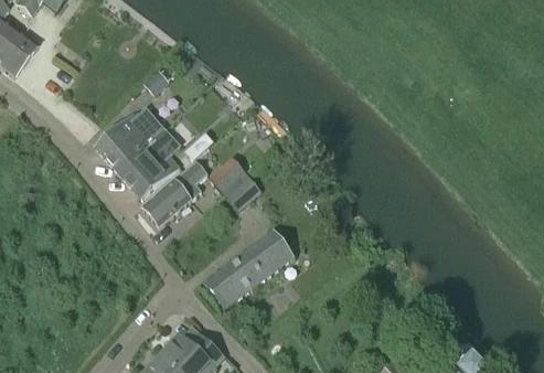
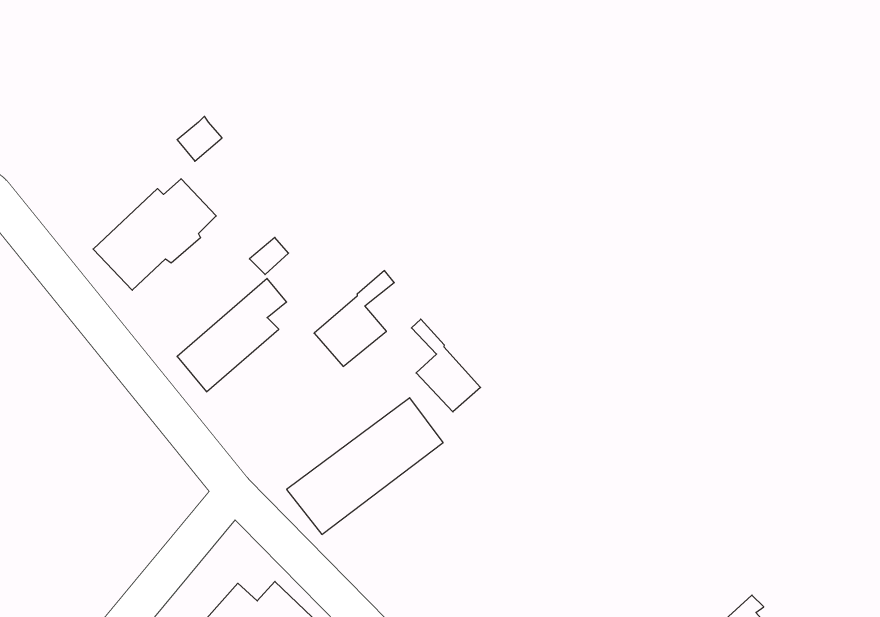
building: [118,139,180,196] -> none
building: [209,158,245,193] -> none
building: none -> [411,319,481,412]

